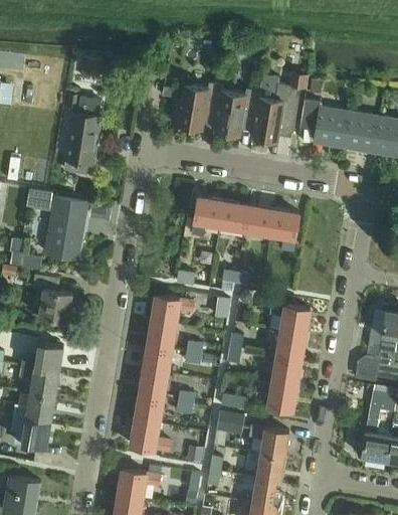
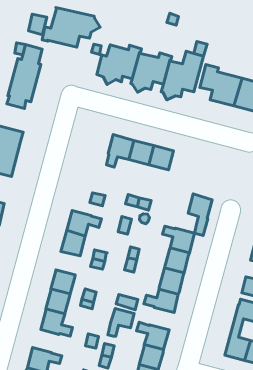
building: none -> [42,7,100,47]
building: [269,209,297,260] -> [188,194,212,236]
building: [142,347,170,374] -> none

